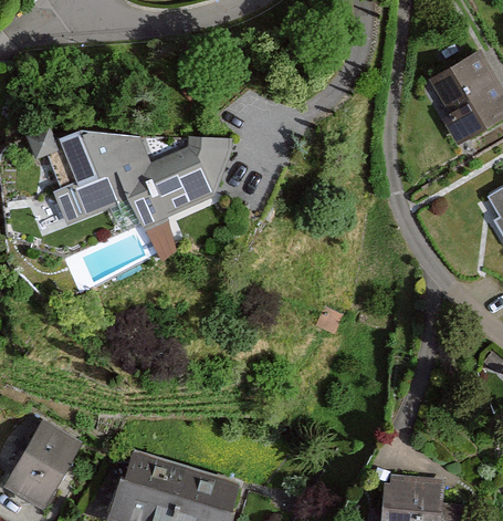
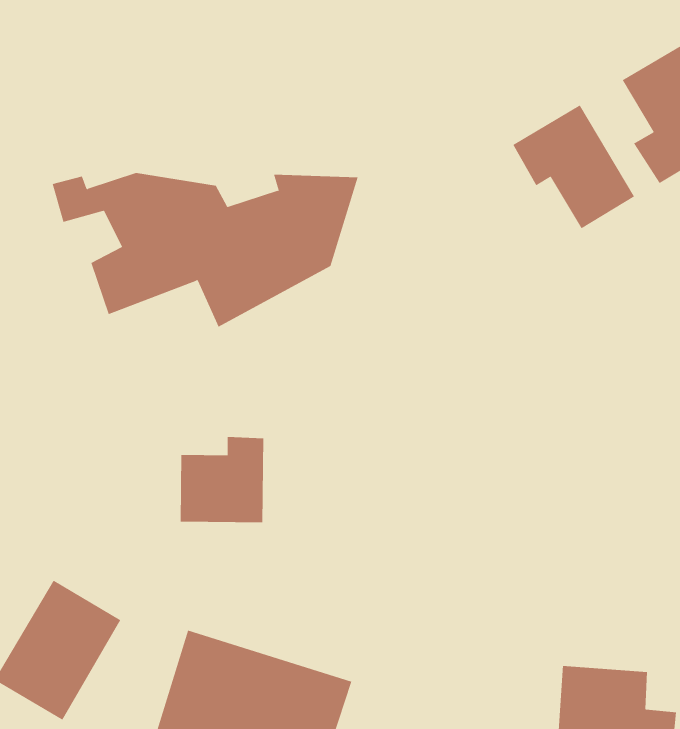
building: none -> [512,104,635,229]
building: none -> [180,436,264,523]

